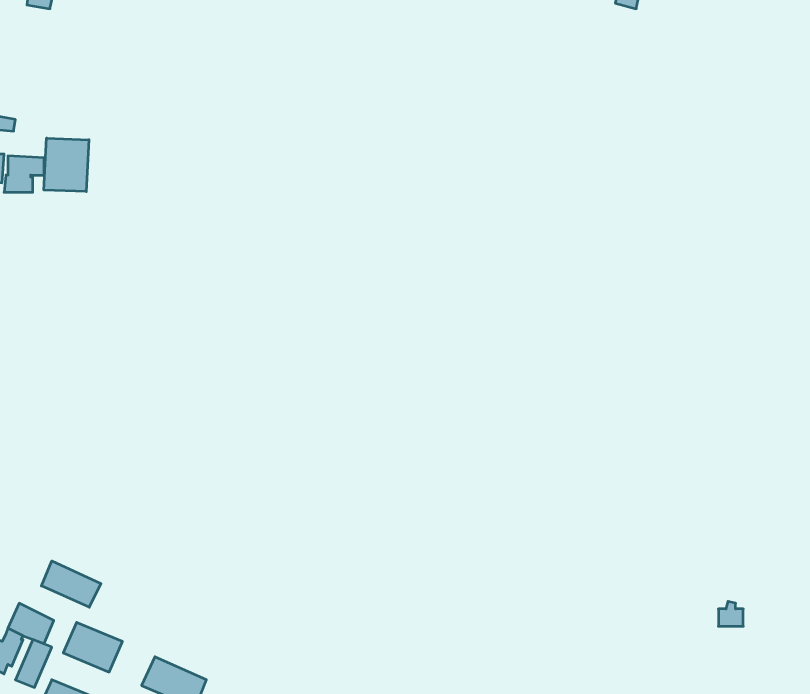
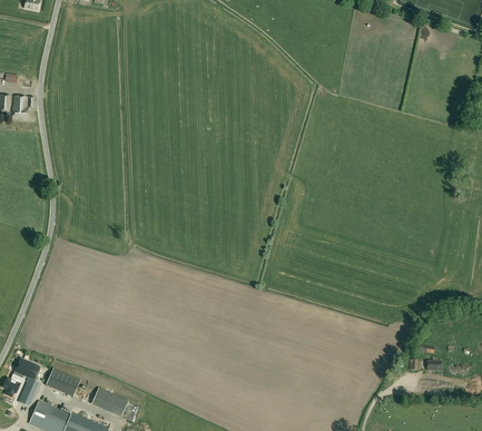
building: [44,138,89,192] -> none
building: [41,561,101,607] -> none

